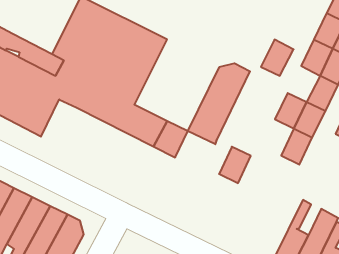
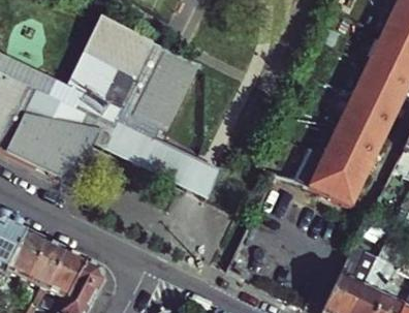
building: [261,40,294,76] -> [338,92,375,133]
building: [188,63,250,144] -> none
building: none -> [57,130,97,182]
building: [219,147,251,183] -> [309,153,345,194]

